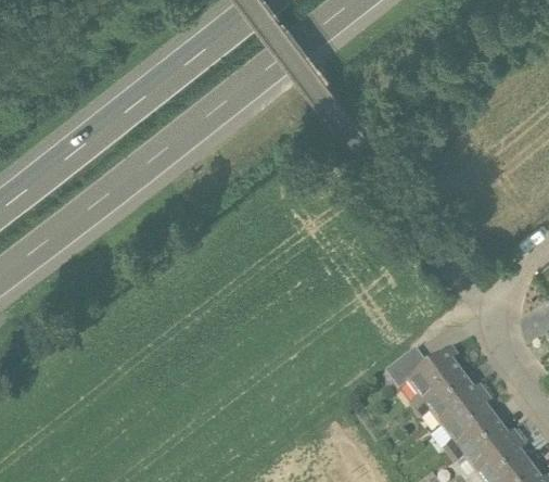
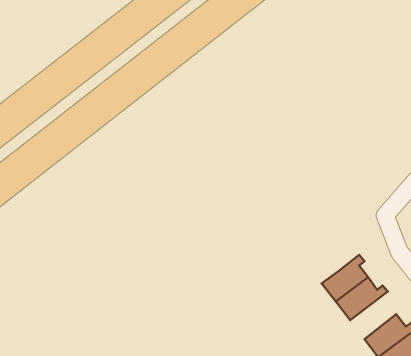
building: [386,348,429,389] -> none
building: [443,391,498,448] -> none

